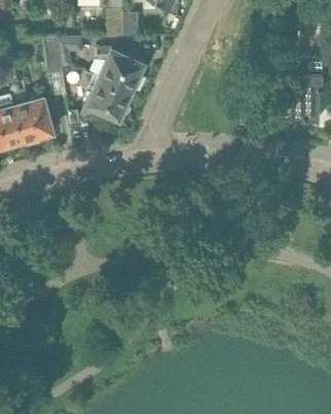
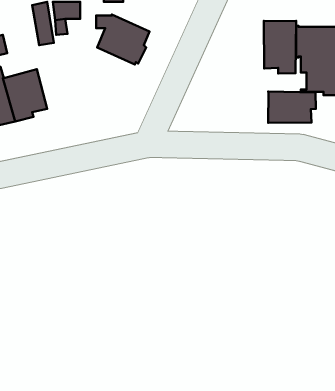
building: none -> [264,21,296,73]
building: [78,72,132,123] -> none
building: none -> [268,92,316,123]

